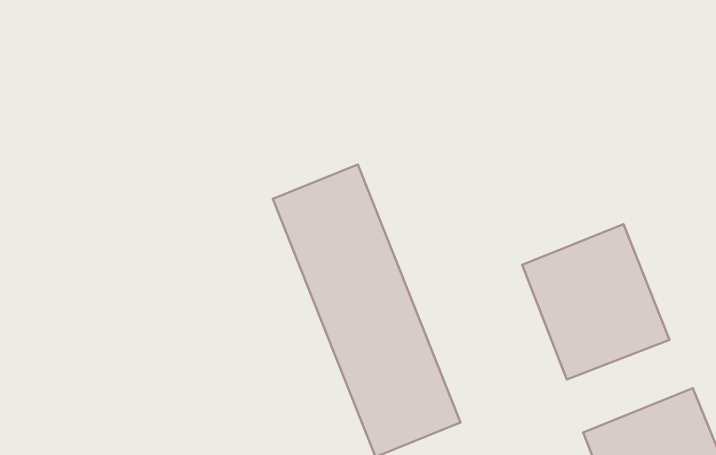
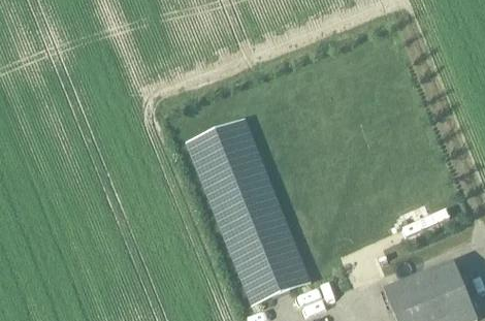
building: [522,224,670,379] -> none

